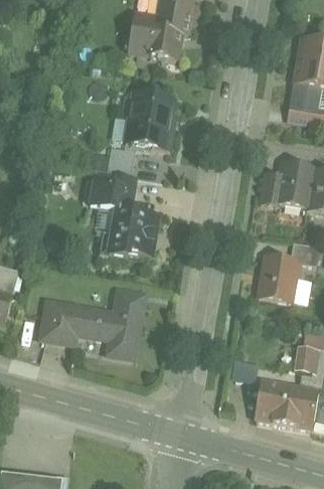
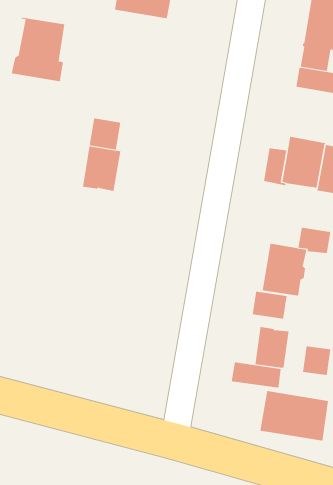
building: [125,93,172,149] -> [11,17,65,82]
building: [100,208,157,259] -> none
building: [41,291,143,357] -> none
building: none -> [252,291,287,319]
building: none -> [255,326,289,369]

